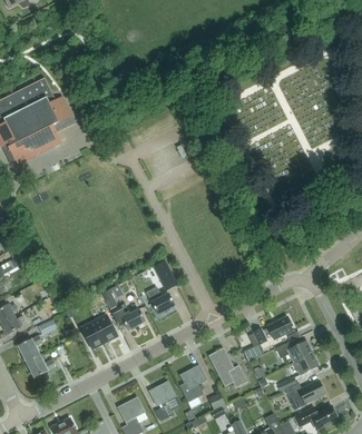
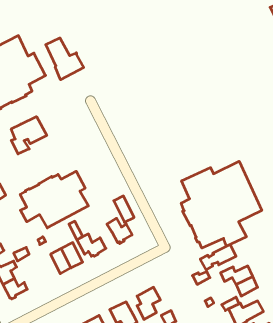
building: none -> [46,38,84,80]
building: none -> [11,117,47,154]
building: none -> [181,161,262,248]
building: none -> [20,171,88,228]
building: [211,348,246,387] -> none

